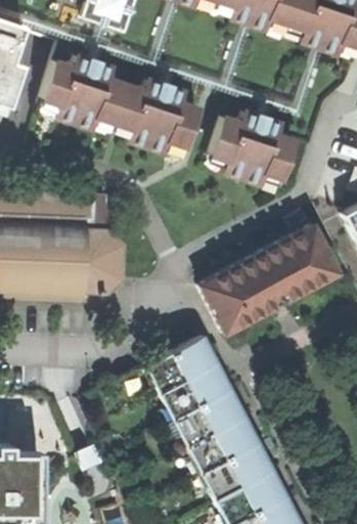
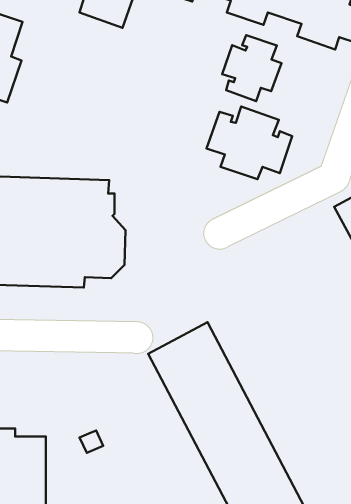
building: none -> [222,35,282,101]
building: [41,61,198,159] -> none
building: [203,219,347,332] -> none

